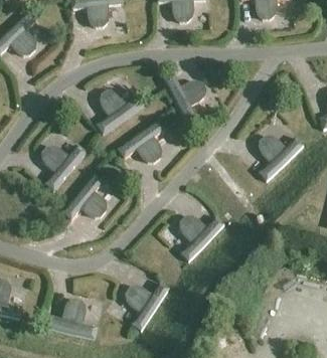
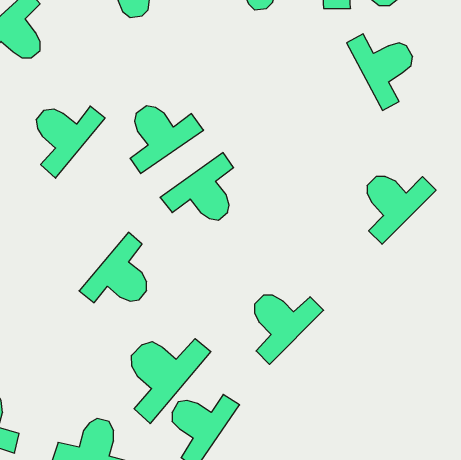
building: [162,72,206,124] -> [347,34,413,110]
building: [39,142,86,190] -> [36,106,105,178]
building: none -> [131,339,211,424]

